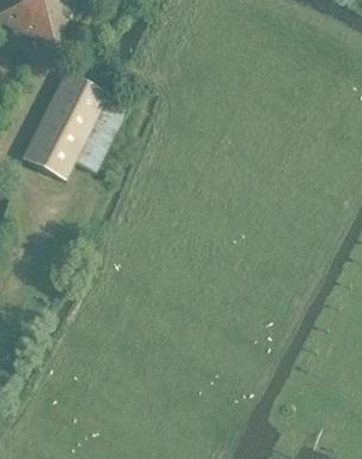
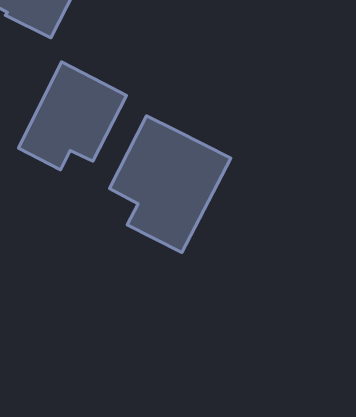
building: none -> [109,116,231,252]

